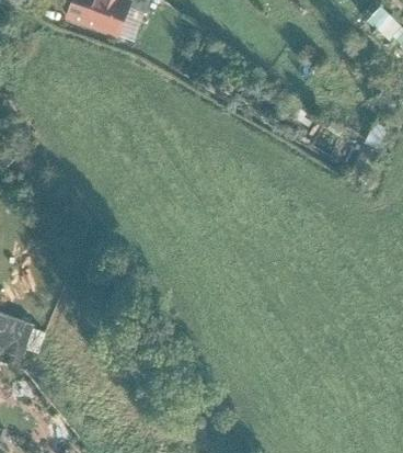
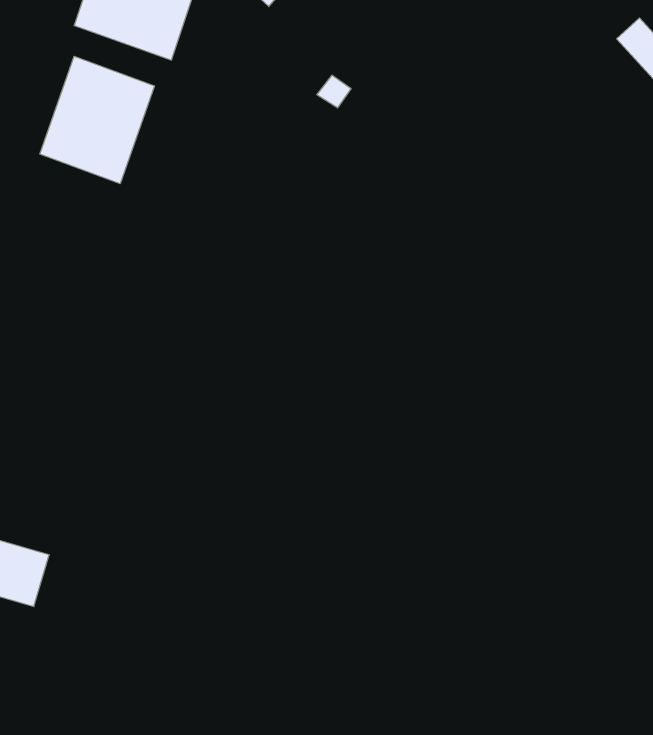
building: none -> [40,56,155,184]

